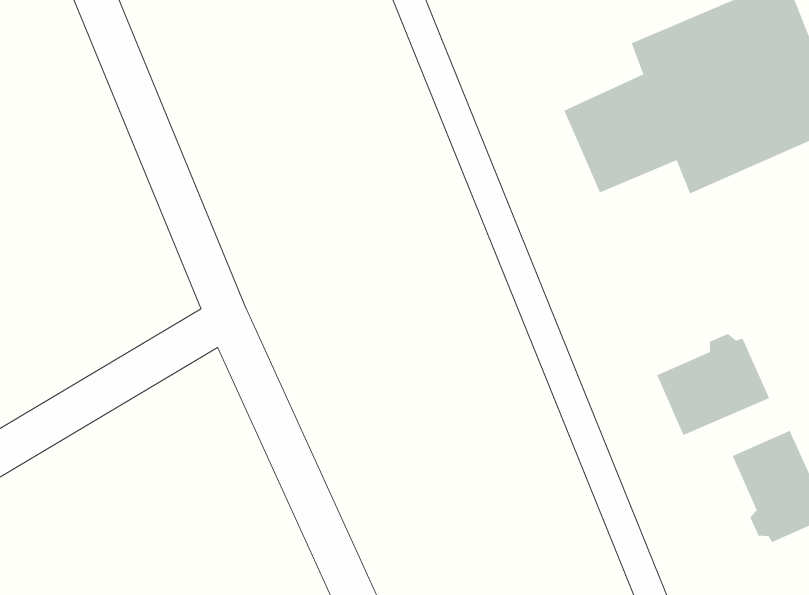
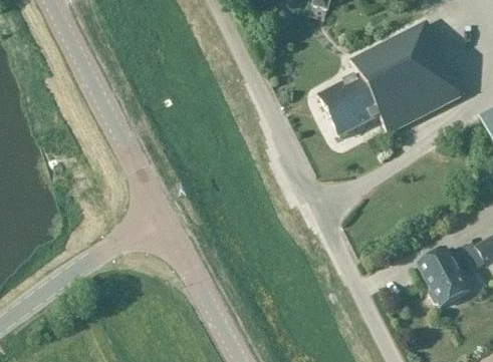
building: [656,333,770,436] -> none

